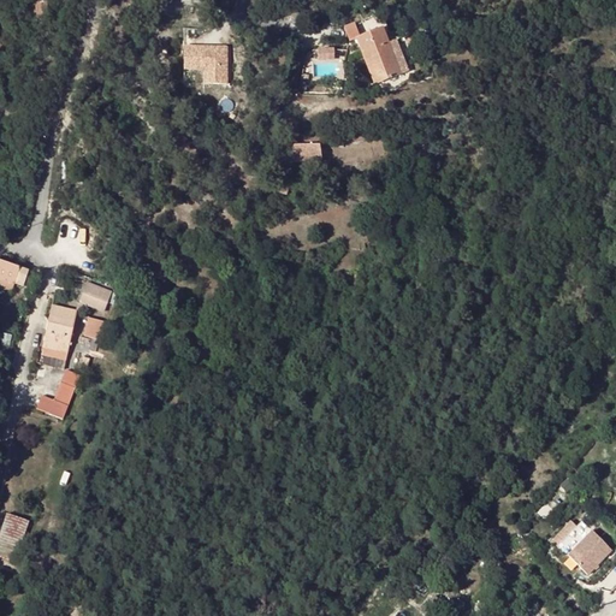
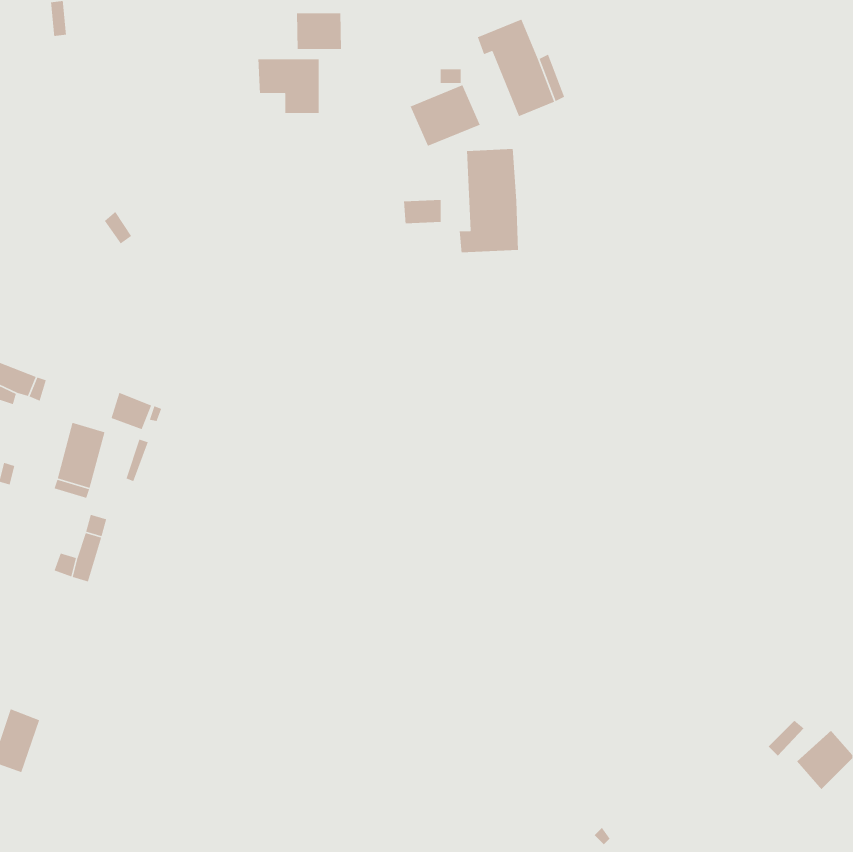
building: none -> [296,12,342,50]
building: none -> [409,84,481,147]
building: none -> [459,148,519,253]

